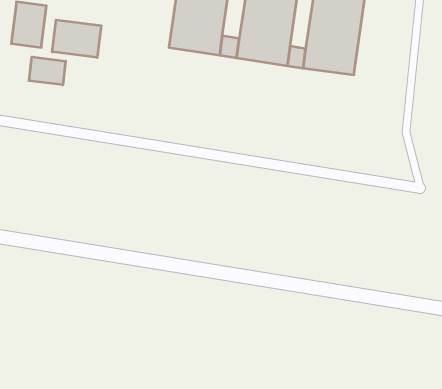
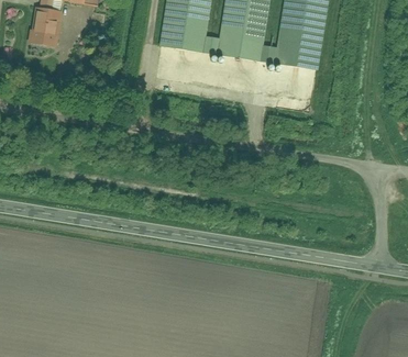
building: [52,20,101,58] -> none
building: [29,57,66,85] -> none

